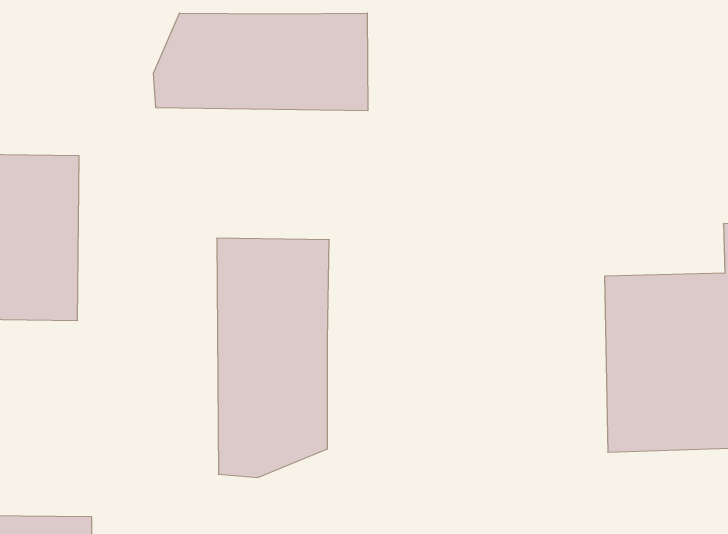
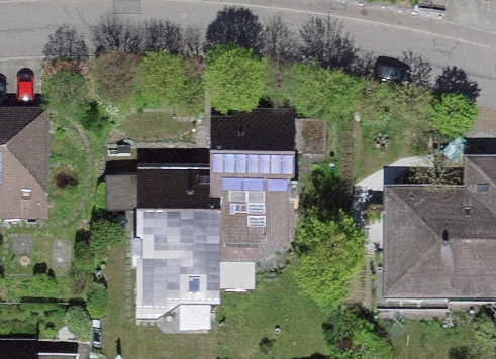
building: [153,13,368,111] -> none
building: none -> [213,127,284,231]

